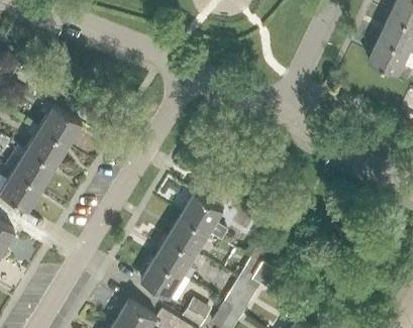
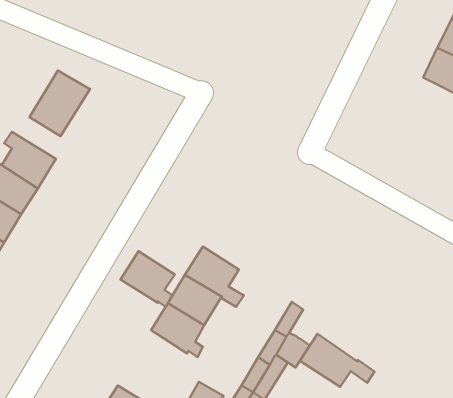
building: none -> [30,70,90,136]
building: [140,259,183,303] -> [121,251,175,307]
building: none -> [300,334,374,387]

